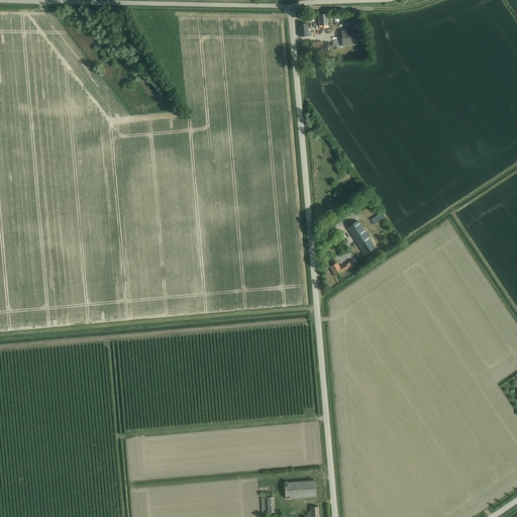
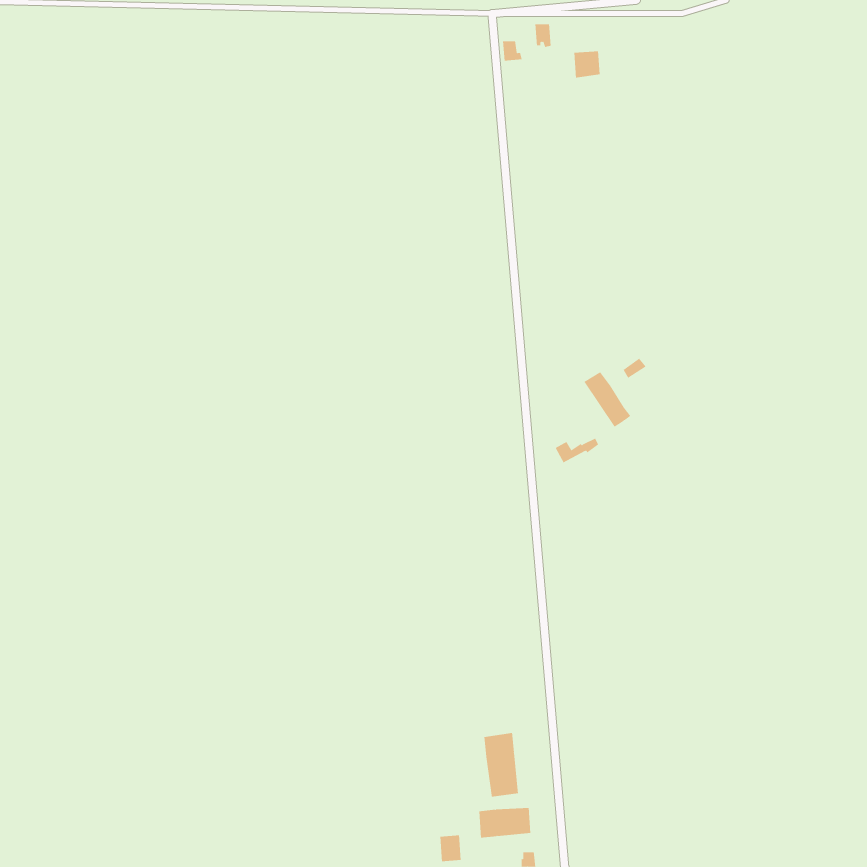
building: none -> [484,732,519,797]

